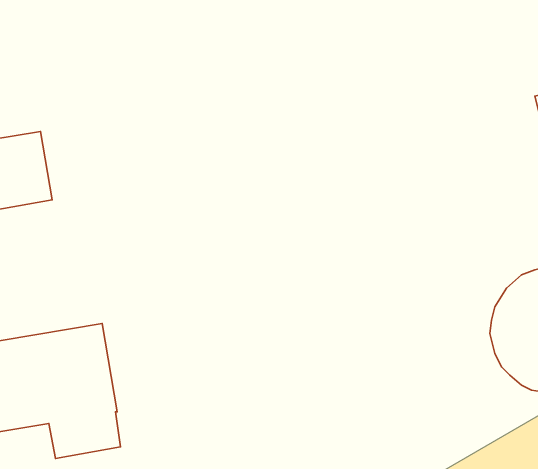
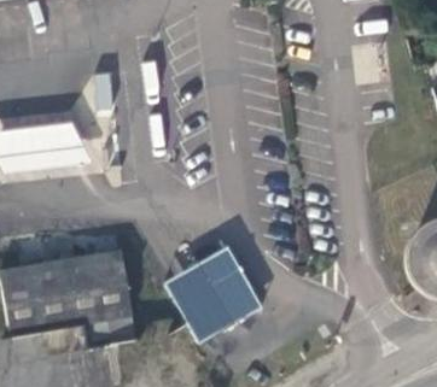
building: none -> [165,246,263,341]

